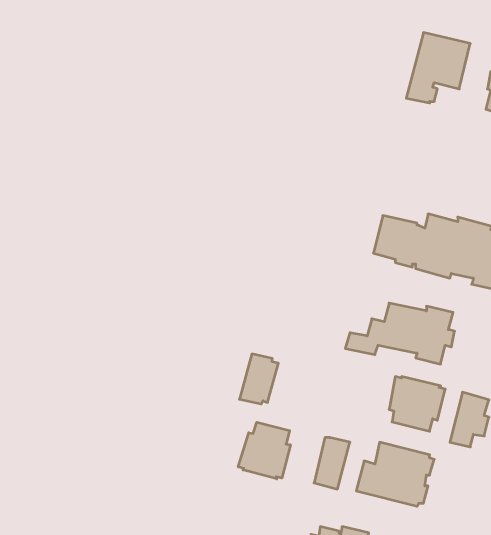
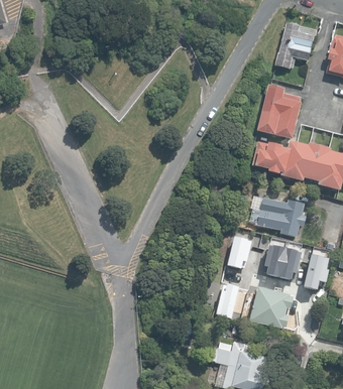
building: none -> [257,85,302,139]
building: [239,354,278,404] -> [226,237,251,269]
building: [238,422,290,479] -> none

